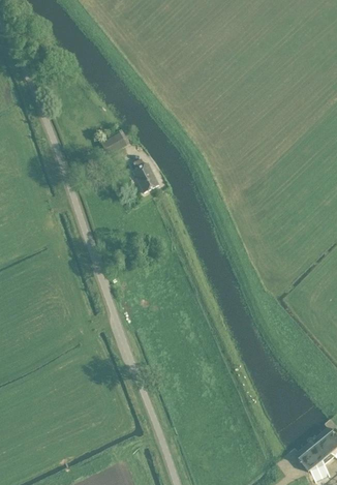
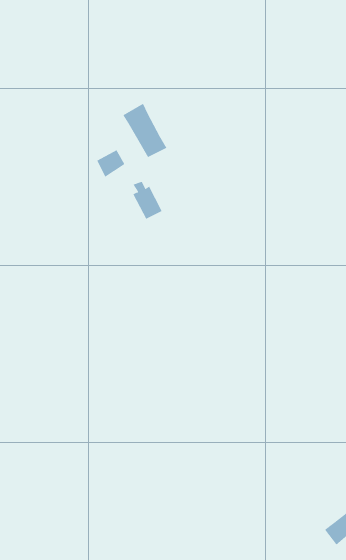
building: none -> [123,103,167,158]

